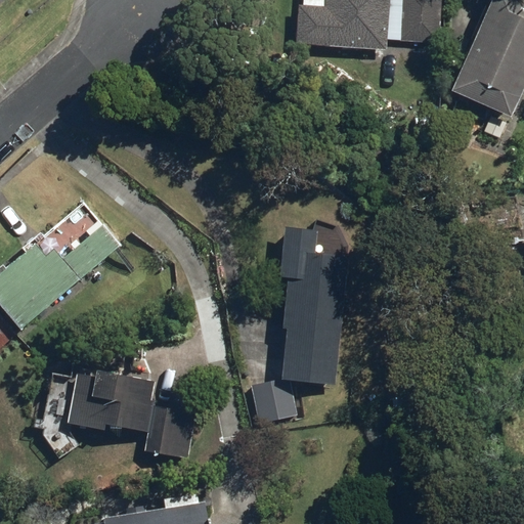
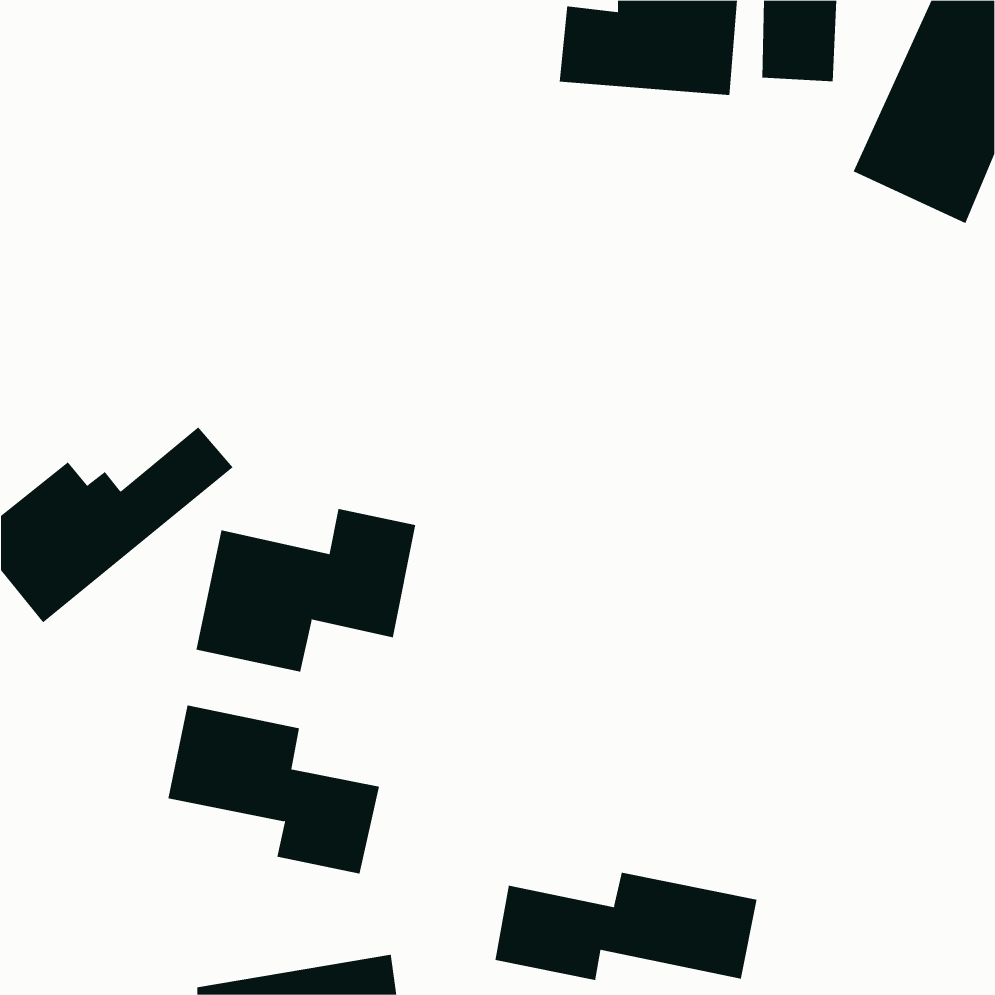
building: [251,224,346,425] -> none
building: none -> [196,508,416,672]
building: none -> [495,872,757,981]

